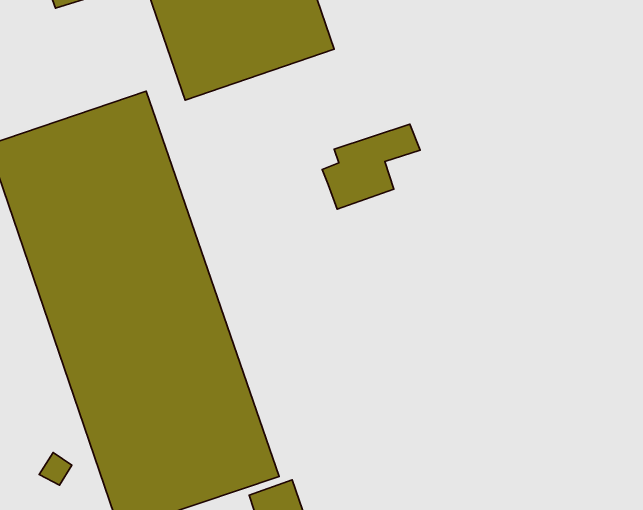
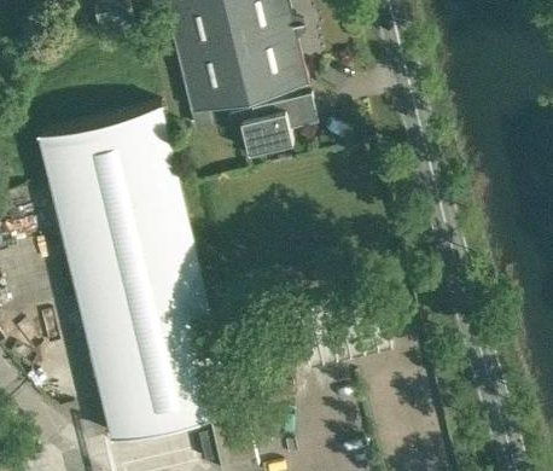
building: [322,124,420,209] -> [241,100,318,159]

